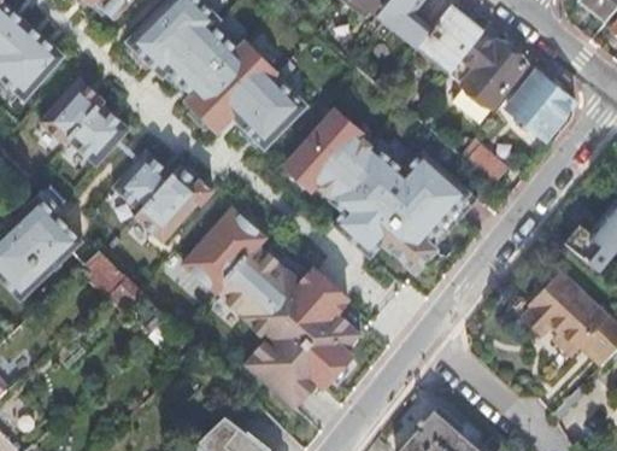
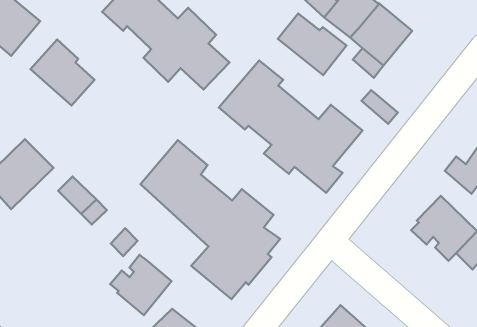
building: none -> [278,13,347,75]
building: [506,72,574,140] -> none
building: [111,147,211,240] -> none
building: none -> [110,255,171,315]

